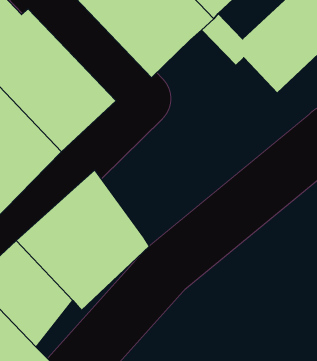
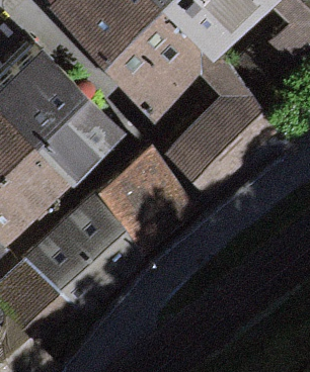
building: none -> [166,90,272,194]
building: none -> [95,151,190,254]

